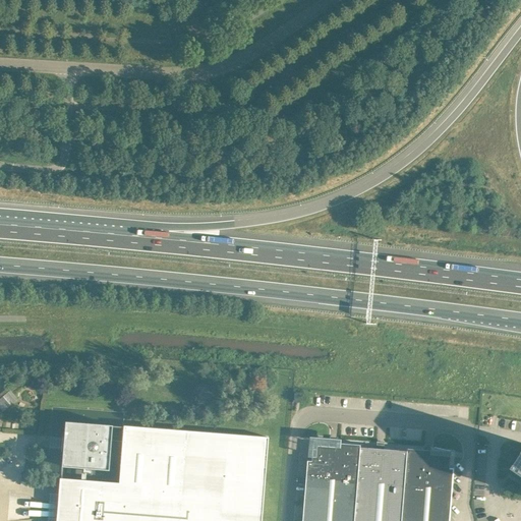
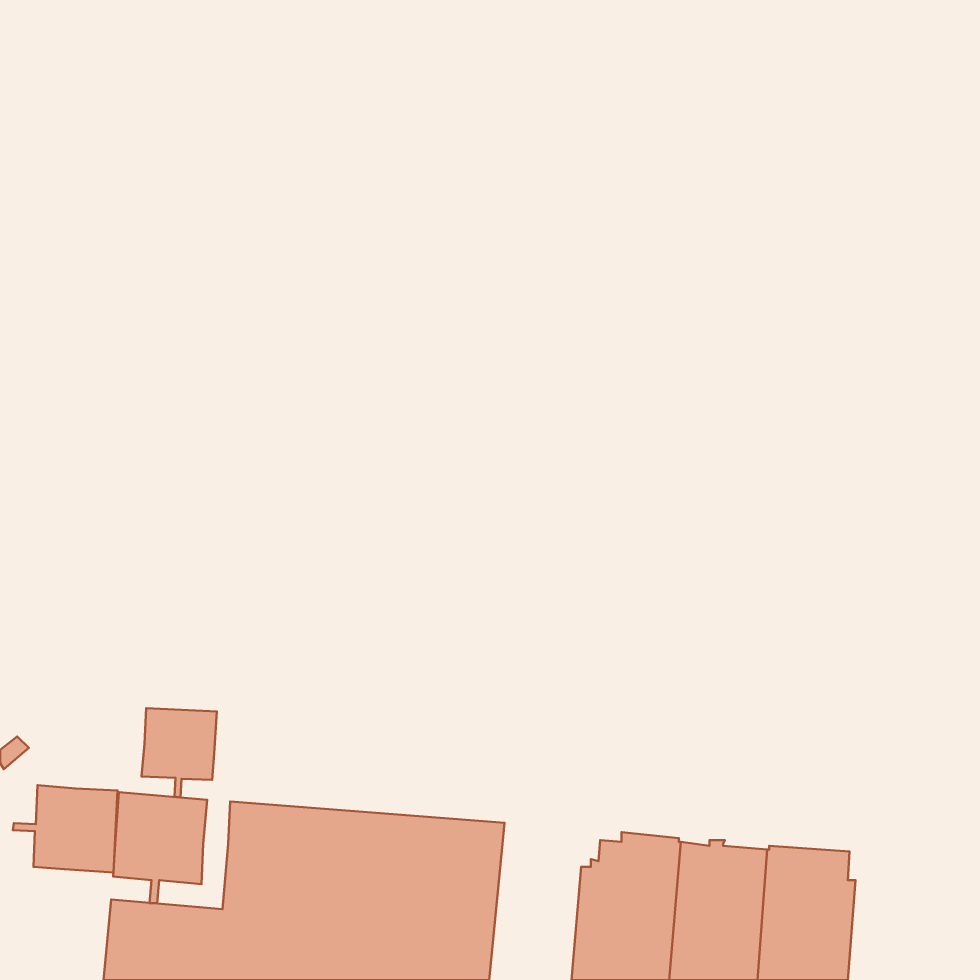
building: none -> [142,708,217,797]
building: none -> [13,785,117,872]

